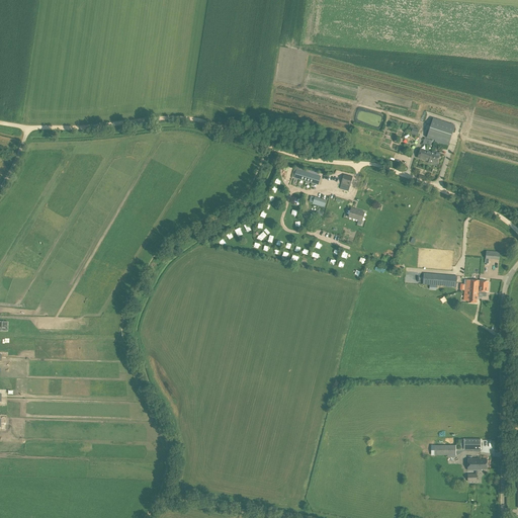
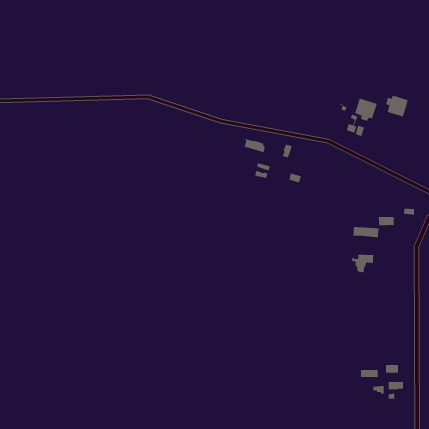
building: none -> [385,95,409,118]
building: [459,279,487,303] -> [352,254,374,273]

